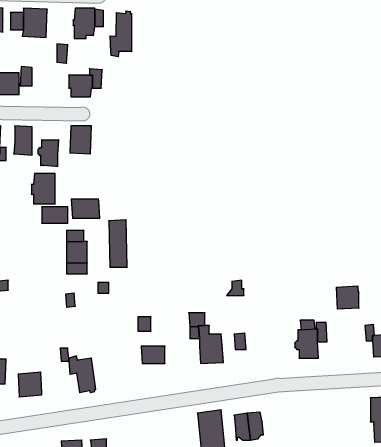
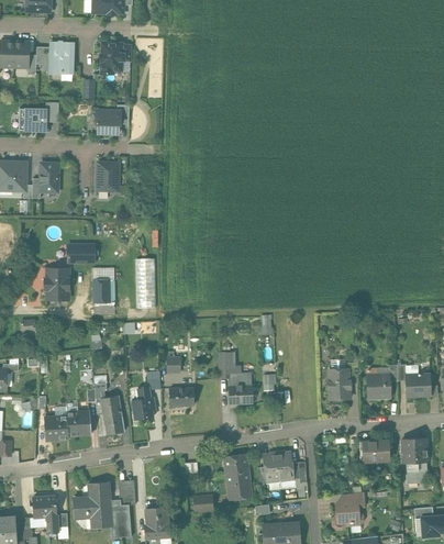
building: [110,11,132,57] -> none
building: [38,140,58,166] -> none
building: [31,174,55,204] -> [44,268,68,299]
building: [71,199,100,218] -> none
building: [336,286,359,309] -> [367,375,390,398]
building: none -> [132,385,152,417]
building: none -> [66,410,90,434]
building: none -> [362,441,388,462]

